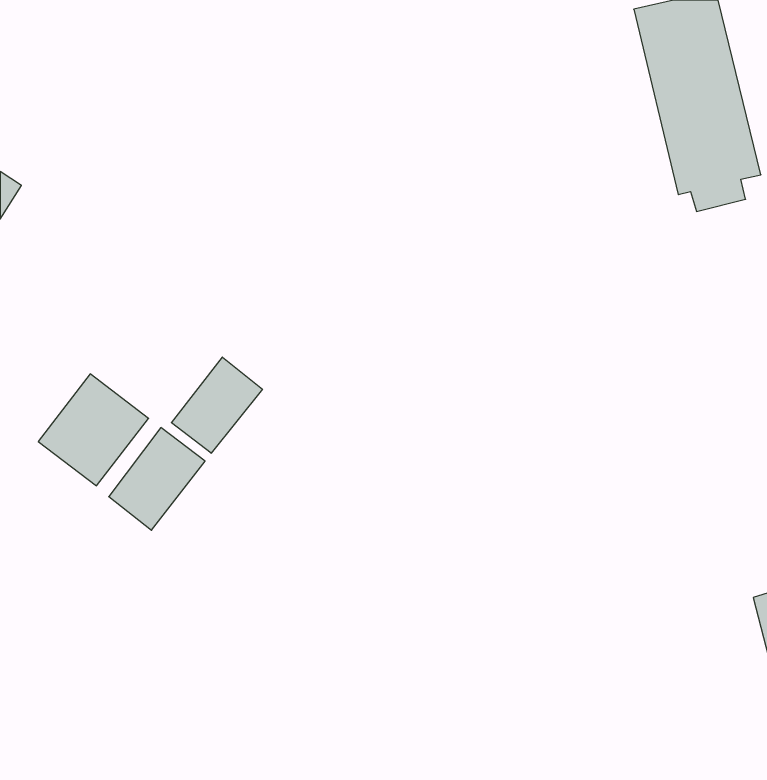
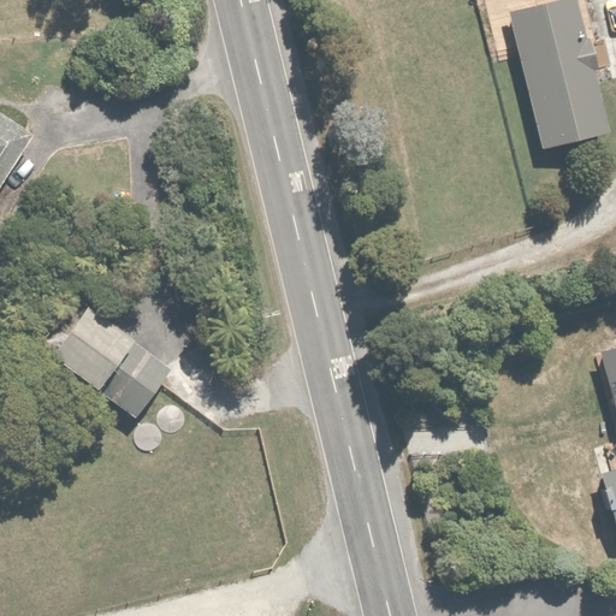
building: [171,357,262,453] -> none

